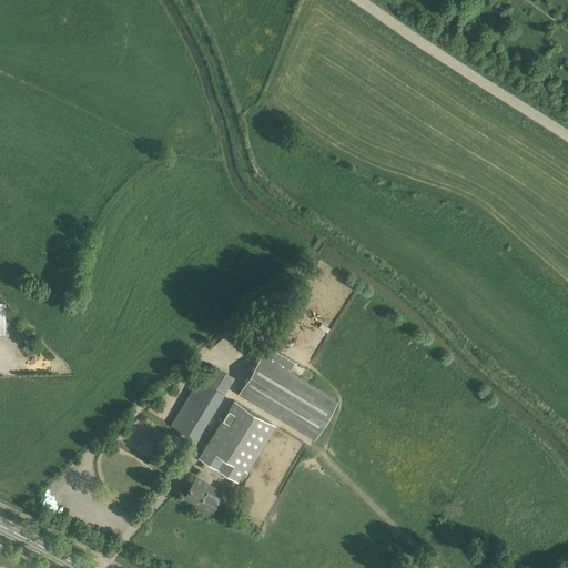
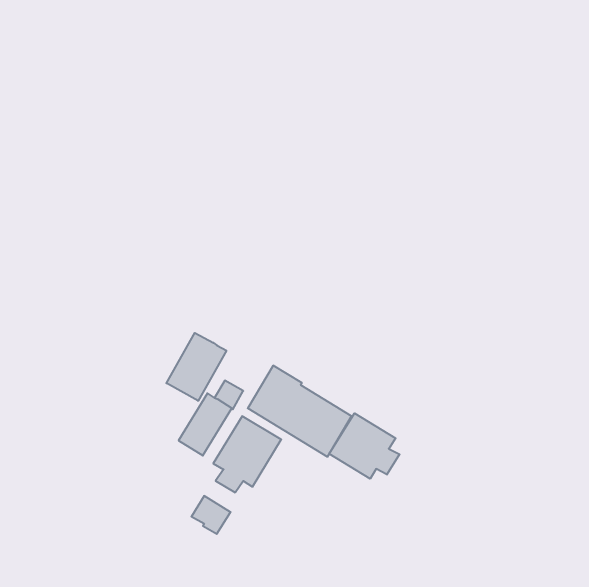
building: none -> [166,333,226,401]
building: none -> [329,413,400,479]

